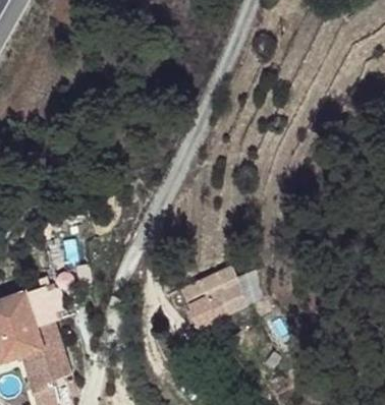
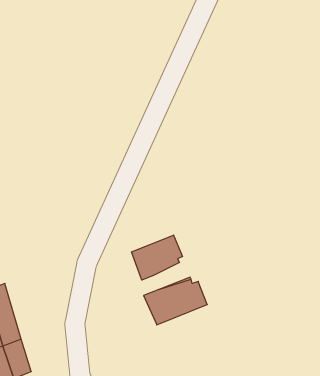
building: none -> [132,235,182,280]

